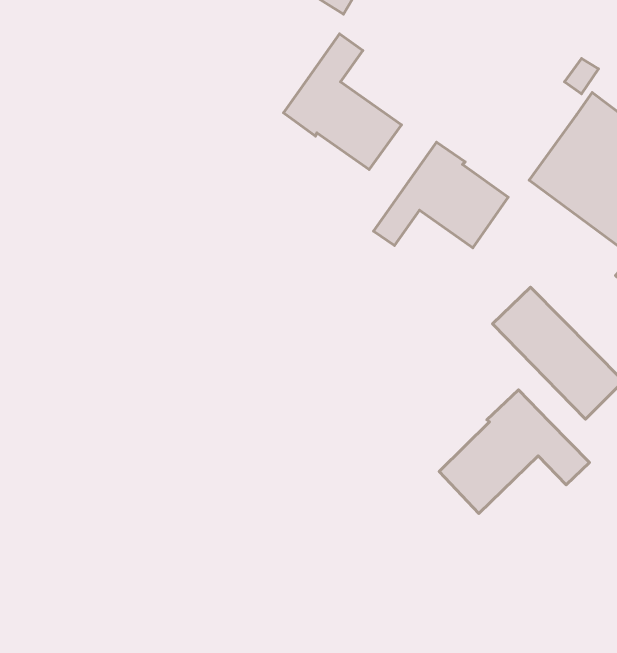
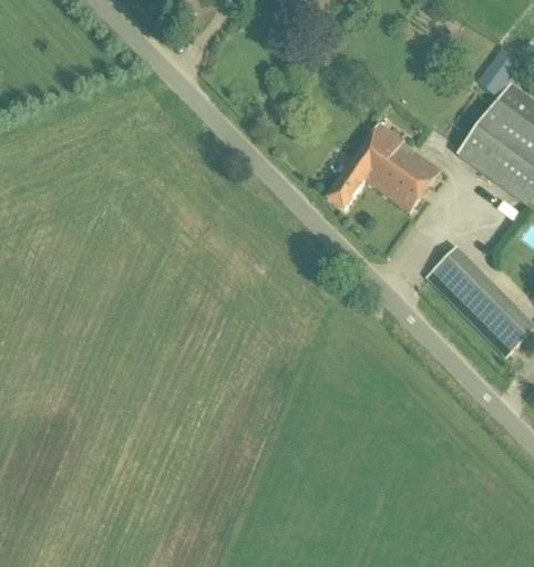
building: [283,34,401,170] -> none
building: [439,390,589,513] -> none

